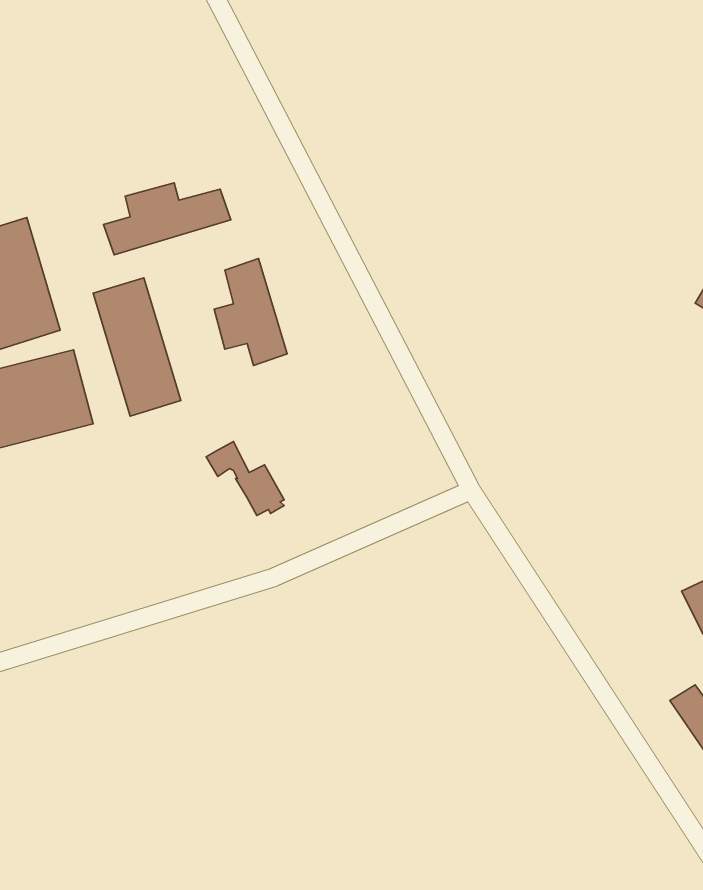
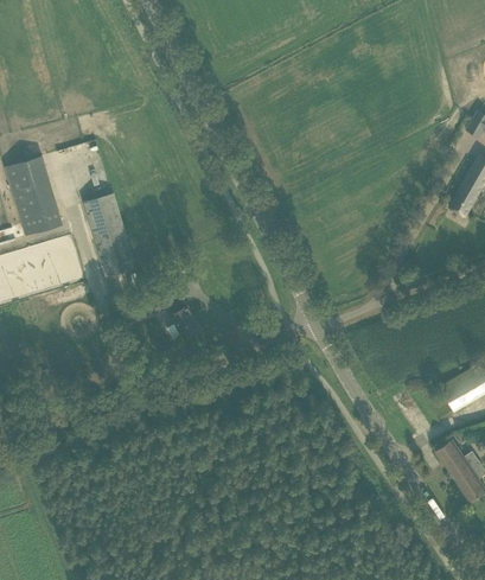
building: [103,183,231,255] -> none
building: [214,259,287,365] -> none

